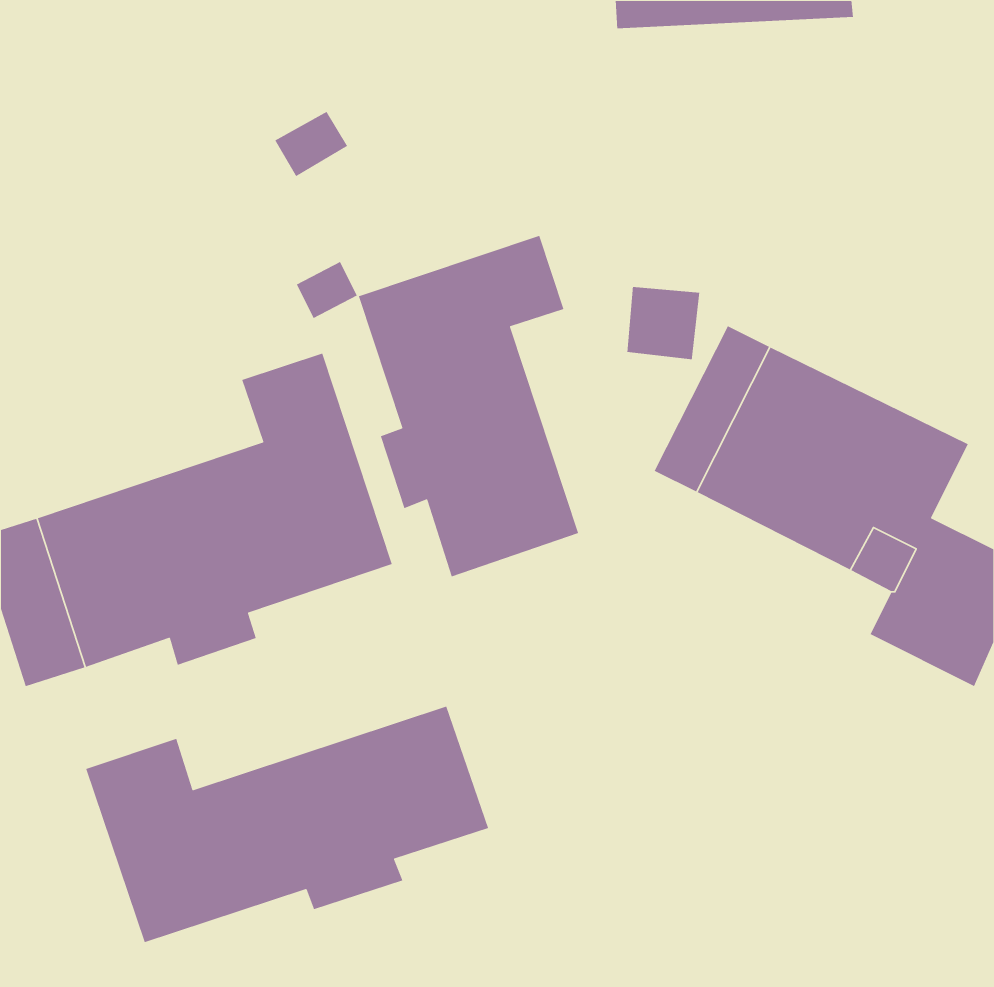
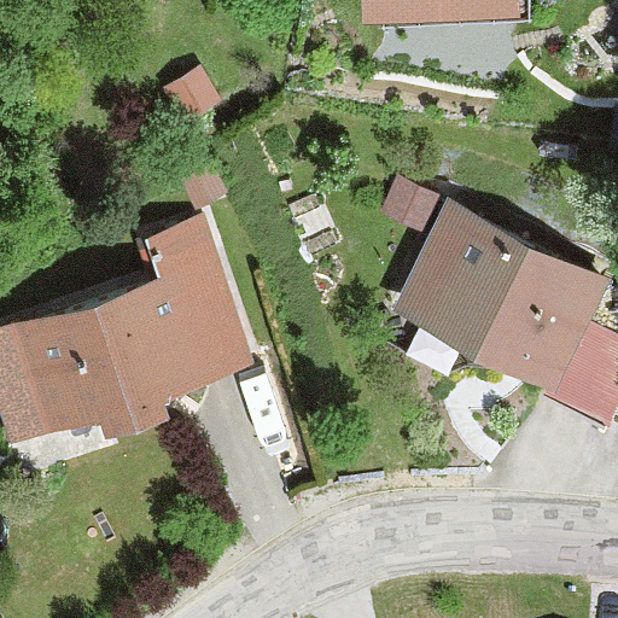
building: [358,235,579,577] -> none
building: [85,706,489,943] -> none

